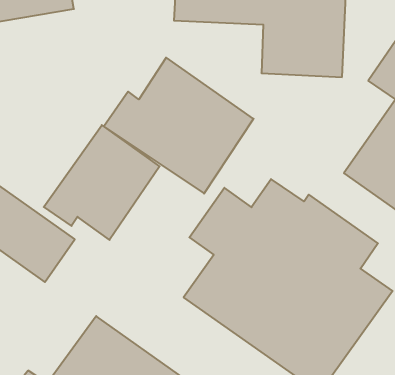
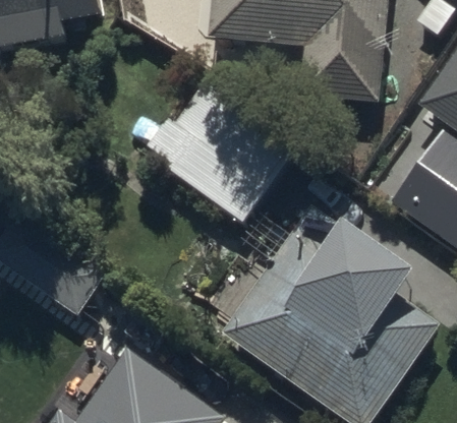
building: [44,125,160,240] -> none

